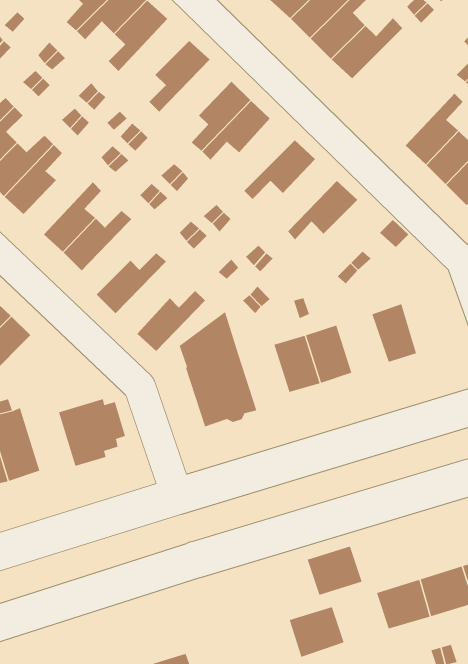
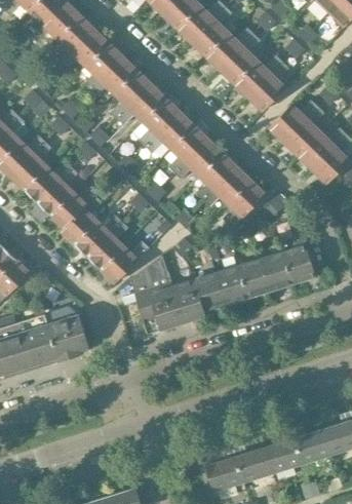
building: none -> [89,56,138,99]
building: none -> [248,63,288,112]
building: none -> [117,84,166,125]
building: none -> [269,101,318,143]
building: none -> [168,123,209,173]
building: none -> [196,152,238,201]
building: none -> [25,161,72,203]
building: none -> [225,180,266,229]
building: none -> [61,196,102,244]
building: none -> [87,222,128,271]
building: none -> [282,241,315,284]
building: none -> [238,258,273,298]
building: none -> [171,278,206,323]
building: none -> [23,307,60,364]
building: [307,546,363,595] -> [235,448,273,481]

